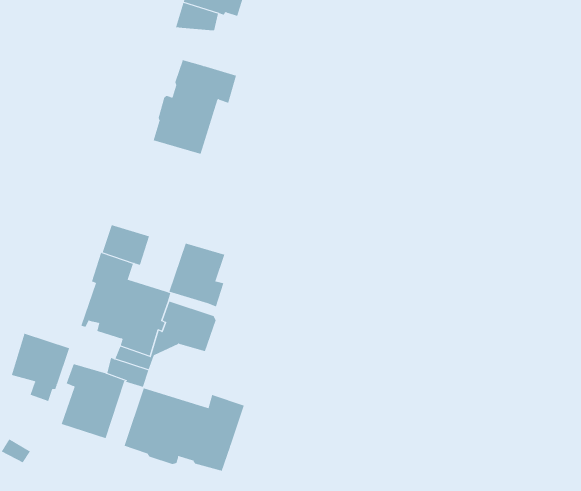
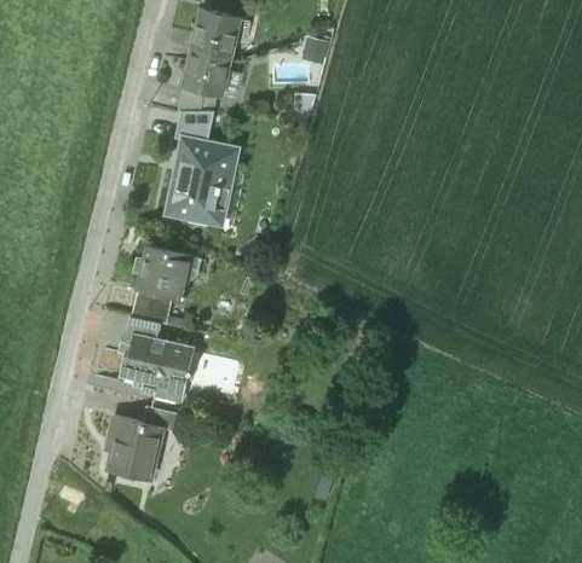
building: none -> [175,111,212,143]
building: [168,243,225,307] -> [137,245,185,300]
building: [11,333,70,402] -> none
building: [124,388,244,472] -> none

